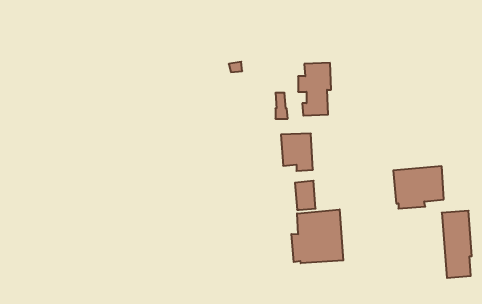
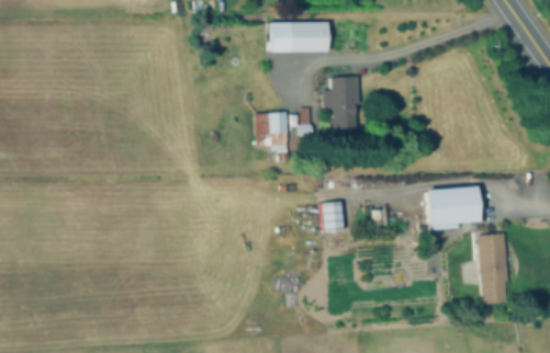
building: none -> [268,21,328,52]
building: [281,134,313,171] -> [256,112,290,151]
building: [291,209,343,263] -> none

